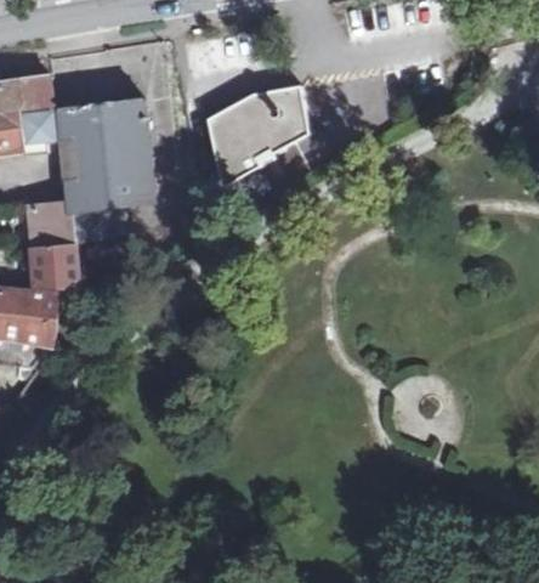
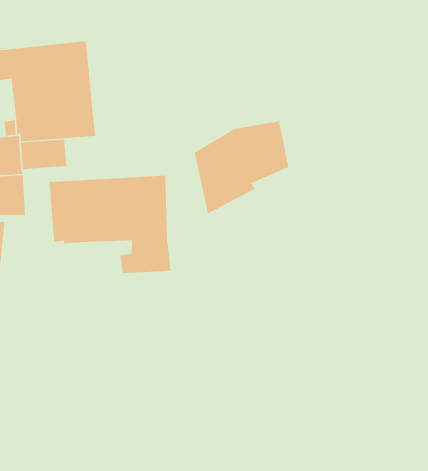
building: [208,90,308,189] -> [194,120,289,214]
building: none -> [48,175,171,274]

